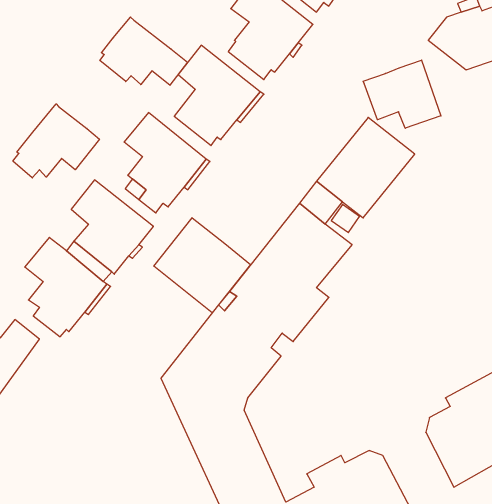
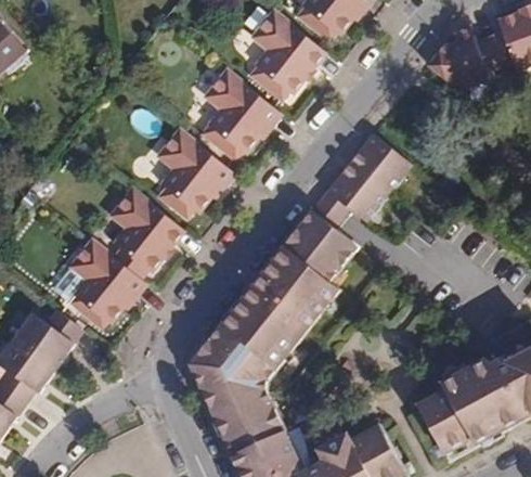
building: [100,17,187,85] -> none
building: [363,60,441,128] -> none
building: [13,104,99,178] -> none
building: [154,218,250,313] -> none

